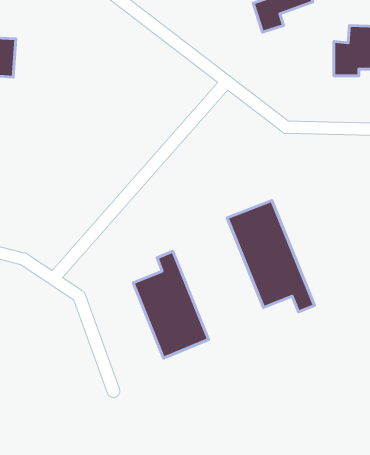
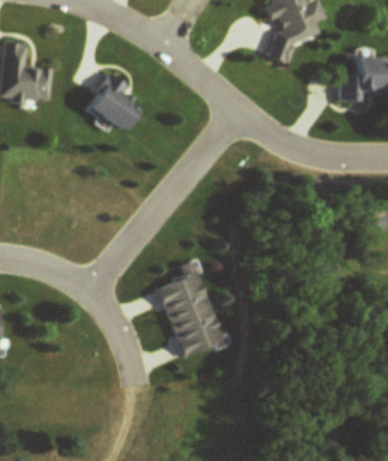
building: none -> [85,72,139,129]
building: [227,200,314,312] -> none

